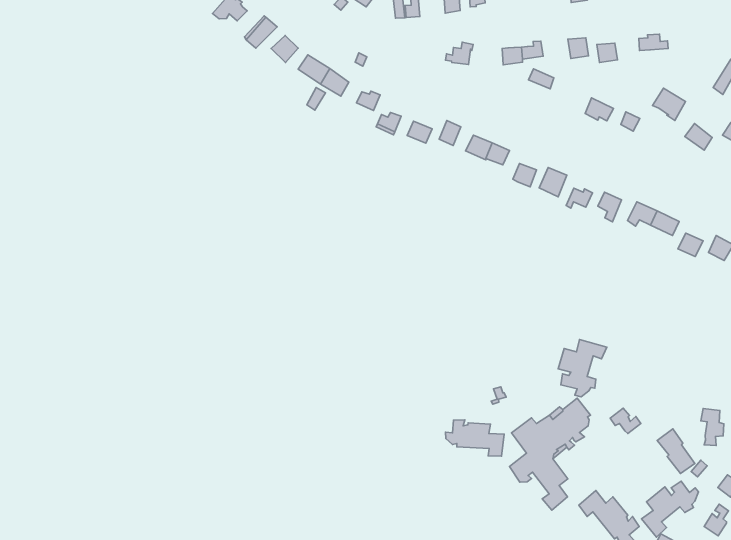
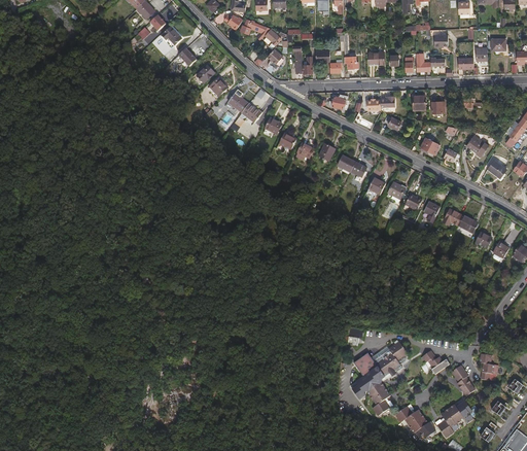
building: [558,339,607,397] -> none
building: [445,420,504,456] -> none

